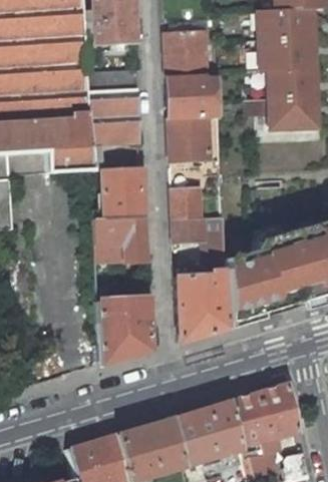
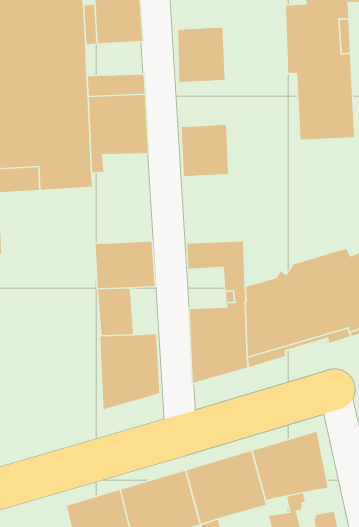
building: [168,77,222,117] -> none
building: [102,169,144,219] -> none
building: [173,188,203,219] -> none

